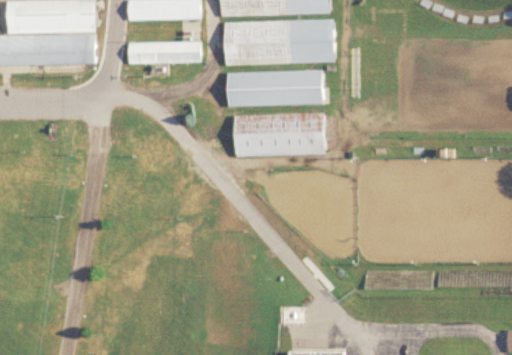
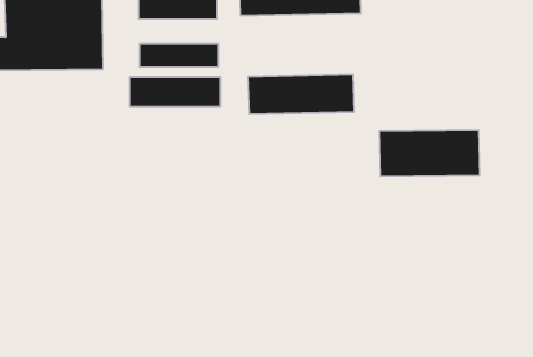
building: [223,20,334,64] -> none
building: none -> [130,77,220,107]
building: [233,113,325,155] -> [379,130,480,176]

